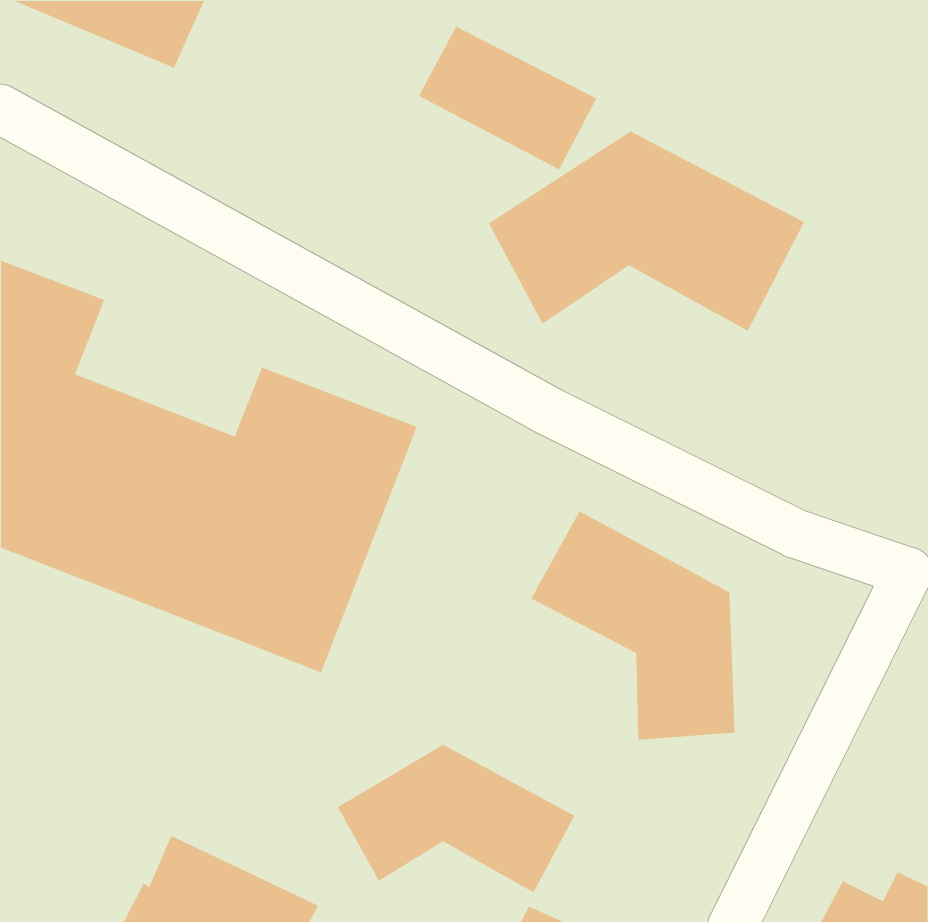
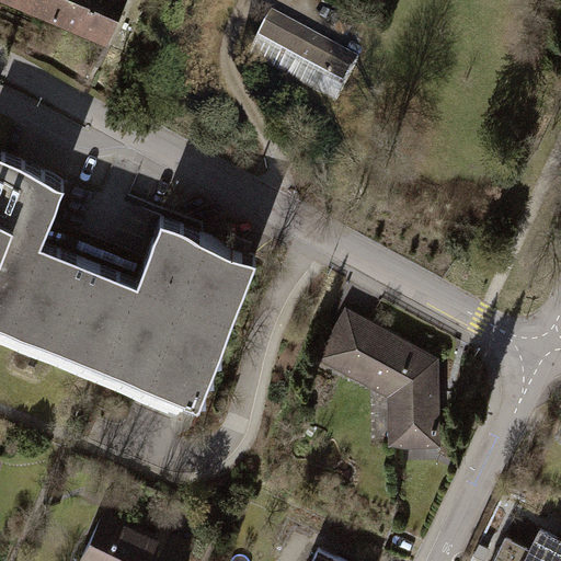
building: [488,130,805,332] -> none
building: [337,744,575,893] -> none

